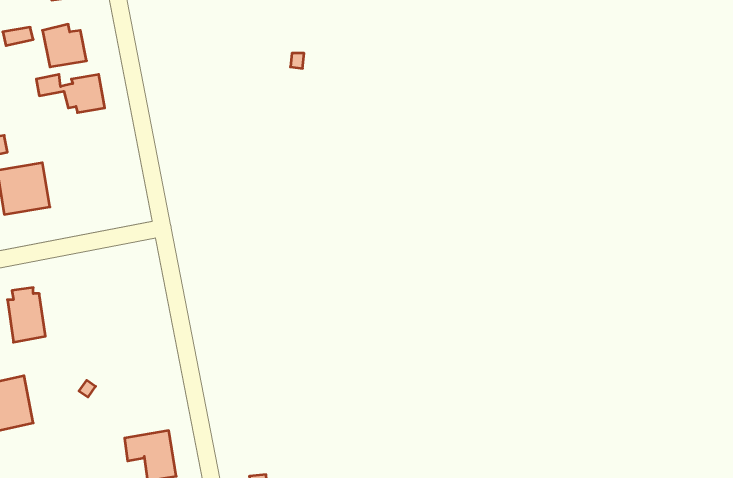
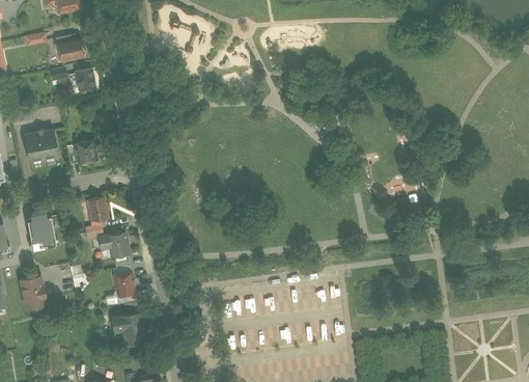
building: none -> [67,139,96,165]
building: none -> [80,196,111,227]
building: none -> [99,231,130,261]
building: none -> [113,270,139,298]

